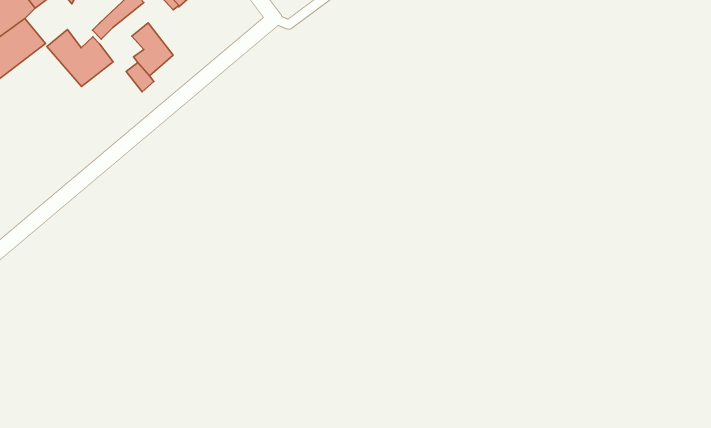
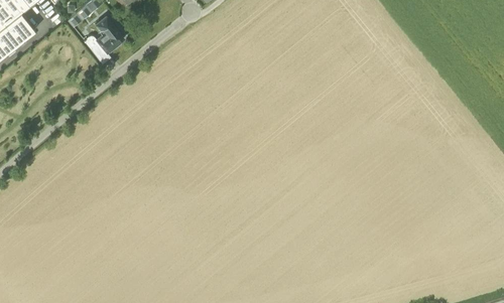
building: [47,30,113,86] -> none

